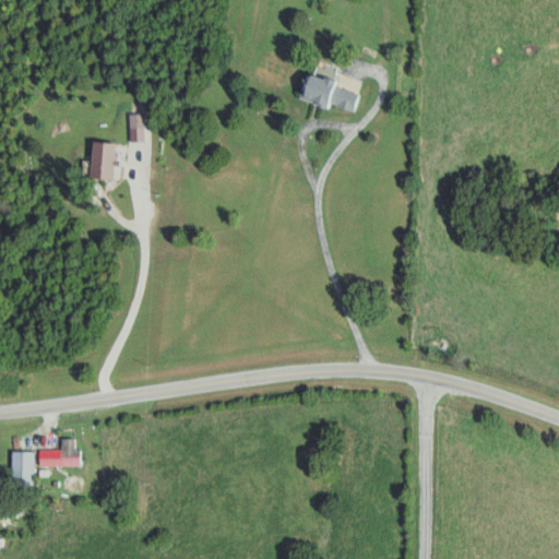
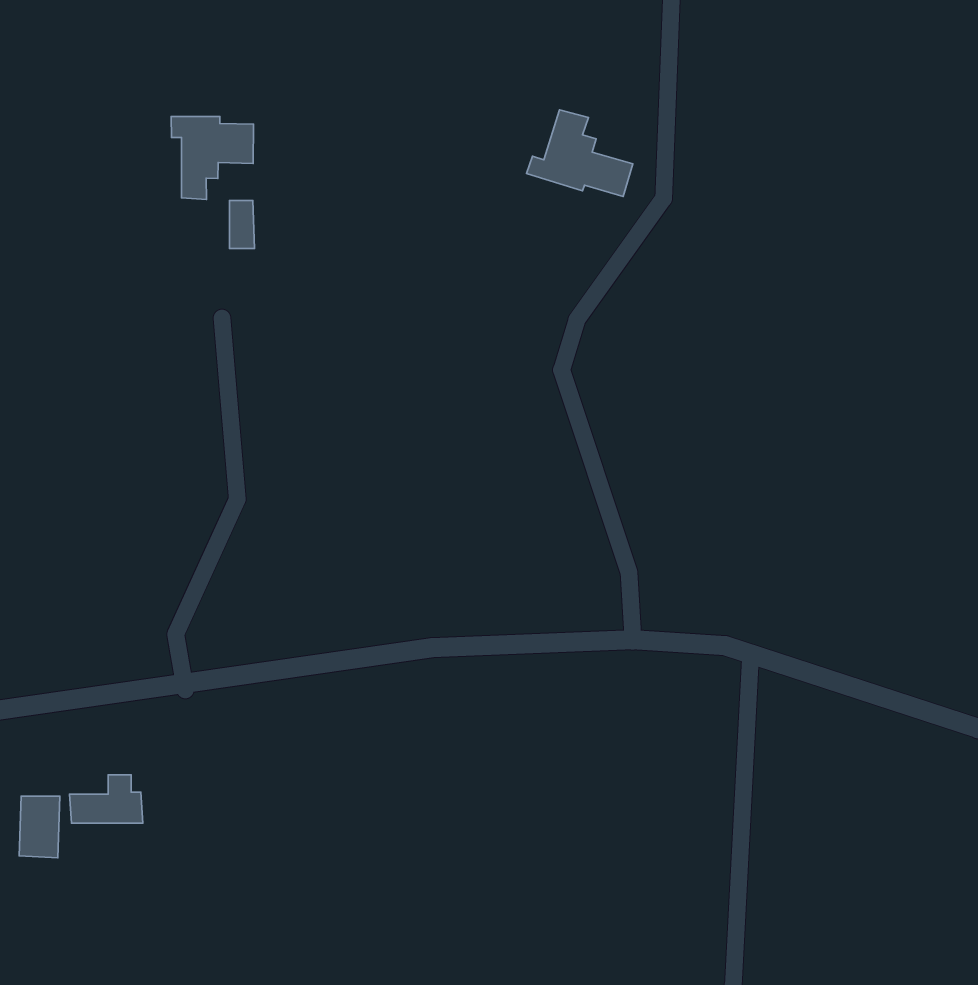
building: none -> [171,117,253,199]
building: [86,141,117,179] -> none

